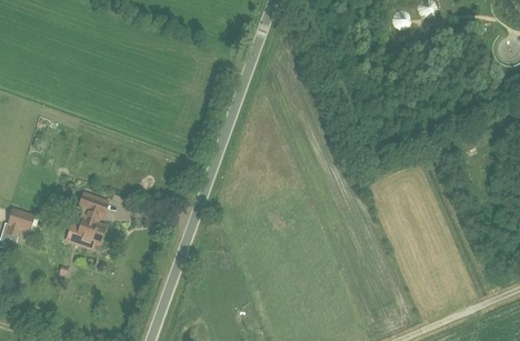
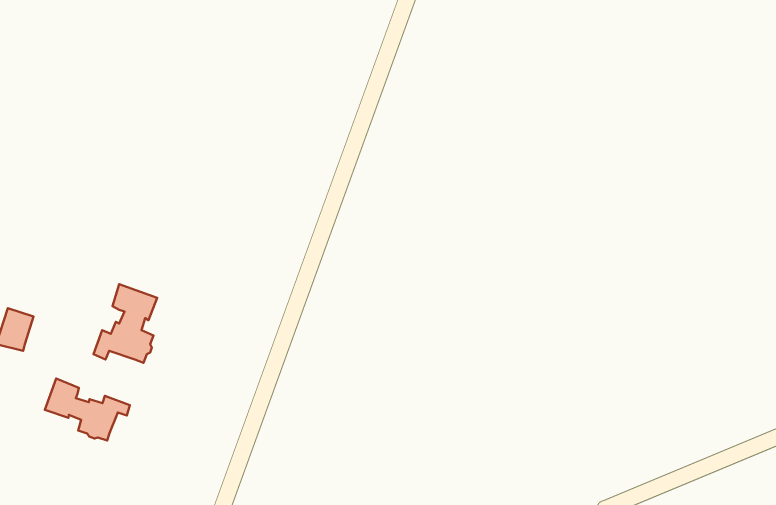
building: none -> [45,378,130,441]

